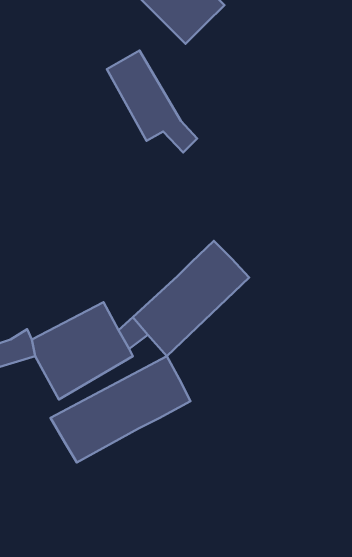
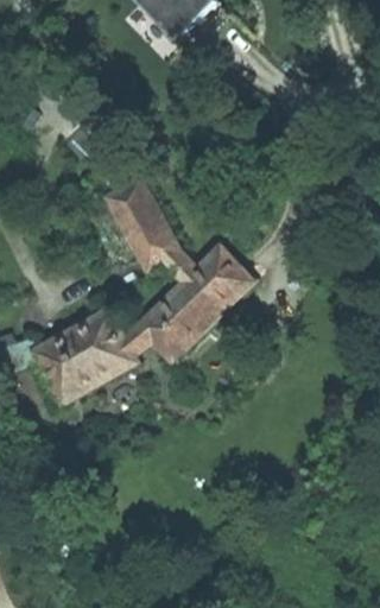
building: [107,50,197,153] -> [104,177,196,280]
building: [50,356,190,463] -> none

